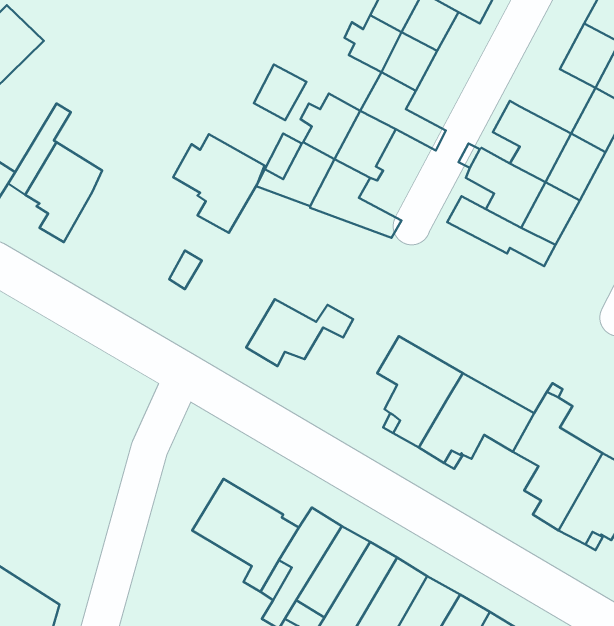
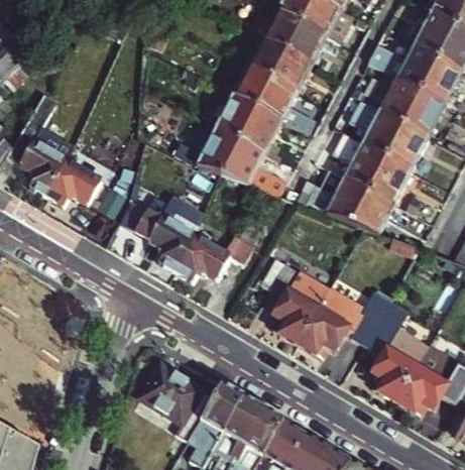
building: none -> [369,69,423,120]
building: [254,65,307,120] -> [234,65,271,104]
building: [173,134,264,233] -> [136,202,201,271]
building: none -> [46,161,101,207]
building: none -> [302,180,386,231]

